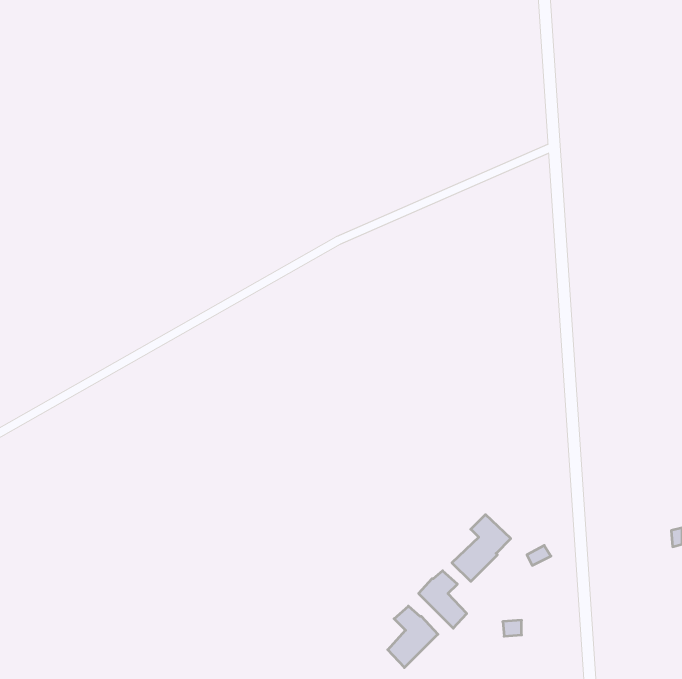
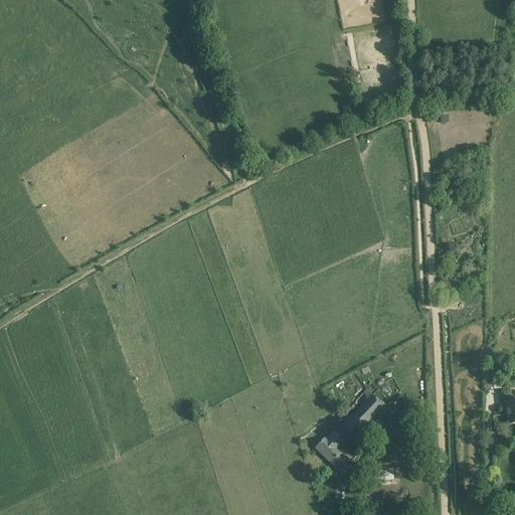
building: [388,606,438,668] -> none

